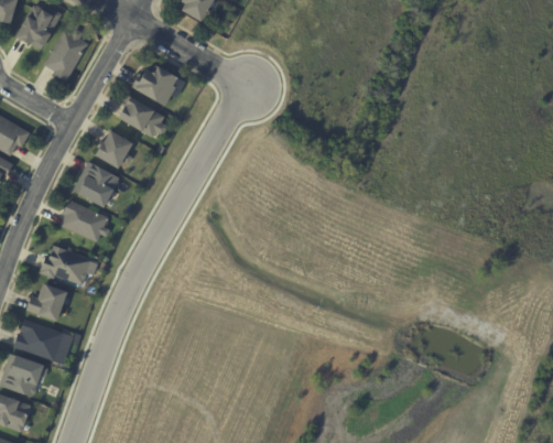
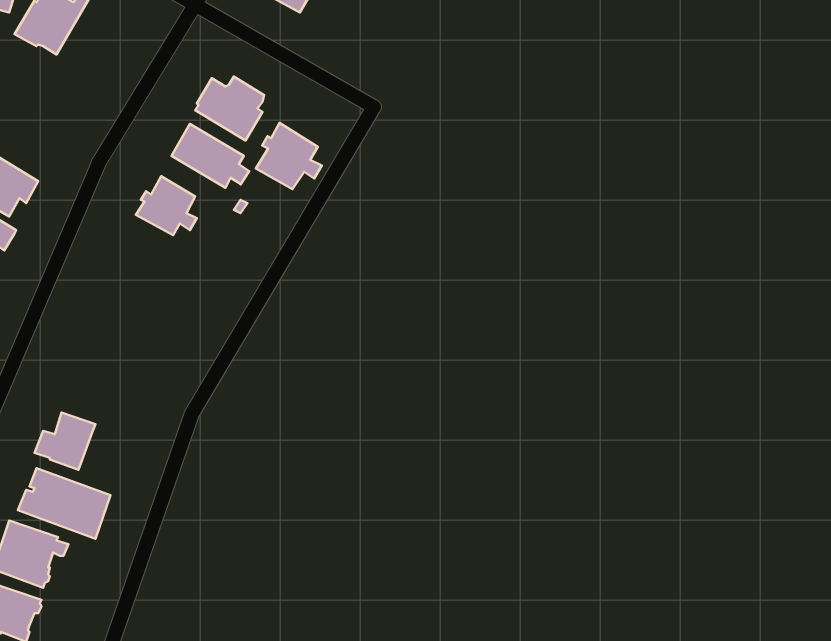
building: [43,28,87,82] -> none
building: none -> [256,123,322,189]
building: [73,162,120,208] -> none
building: [59,199,109,241] -> none
building: [39,245,98,285] -> none

